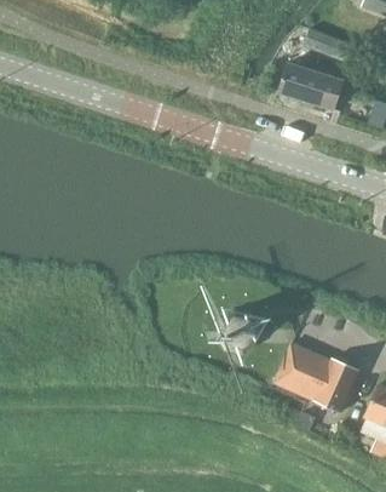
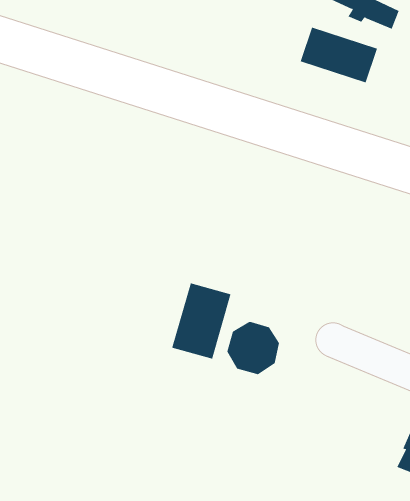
building: none -> [172,282,231,360]
building: [281,351,348,411] -> none

